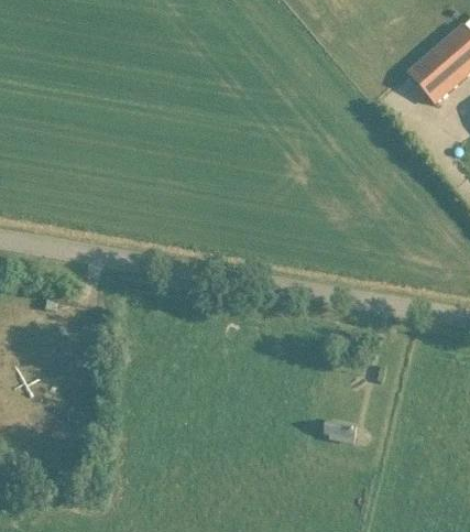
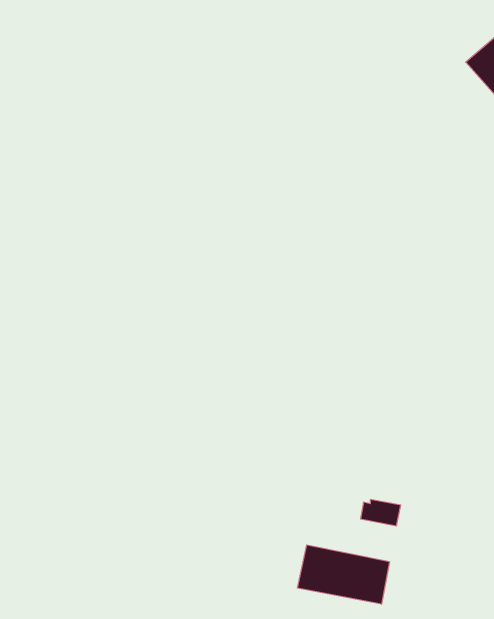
building: none -> [298,545,389,604]

